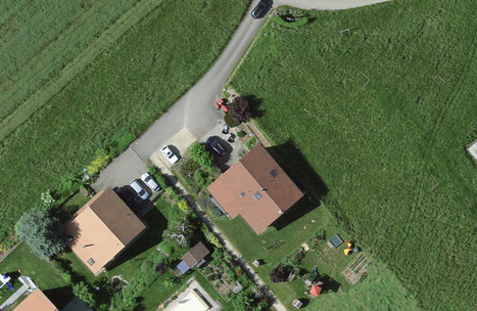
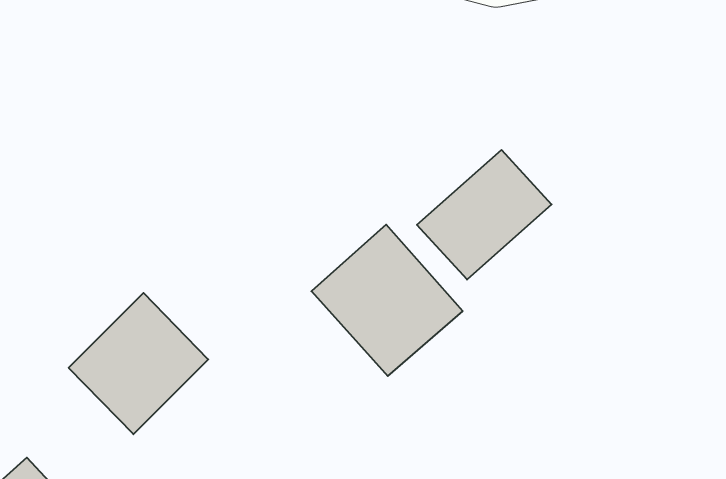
building: none -> [417,150,552,280]

